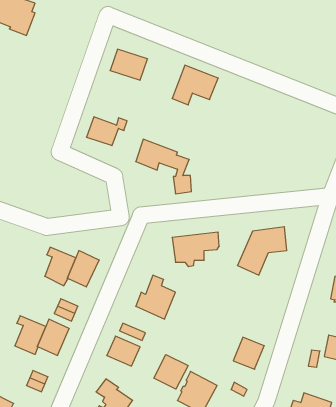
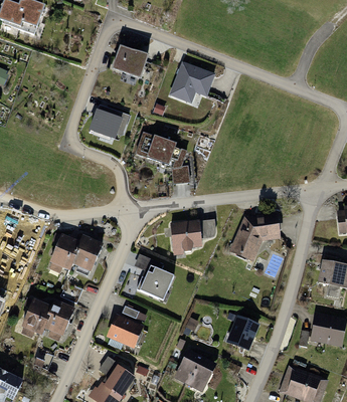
building: [154,355,188,389] -> none

